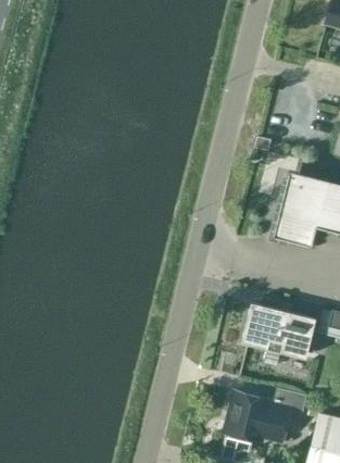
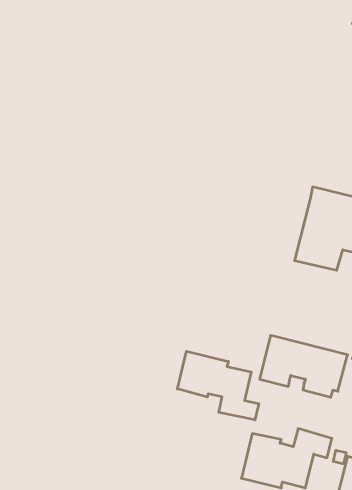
building: none -> [177,351,259,420]

